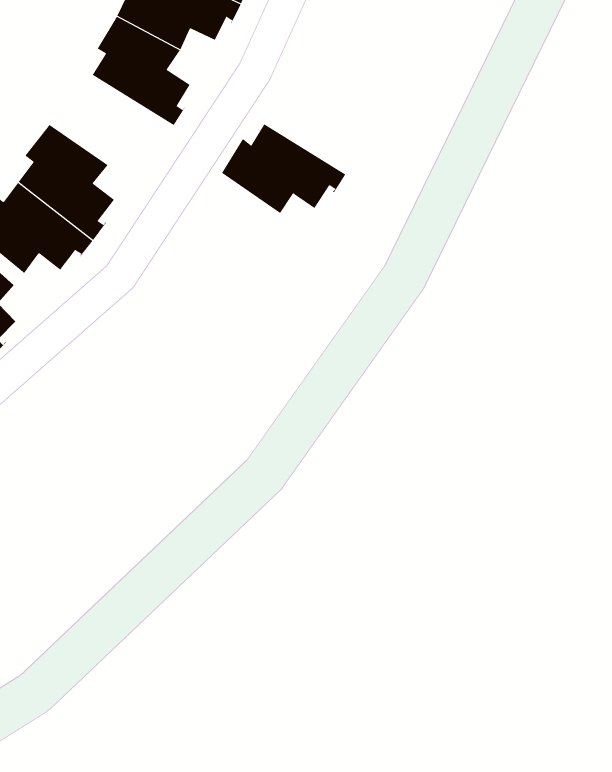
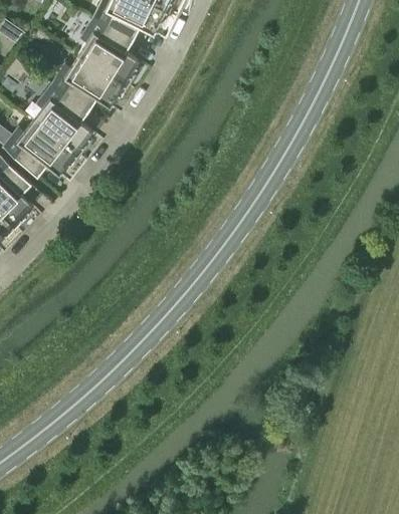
building: [221,124,346,214] -> [51,55,128,110]

